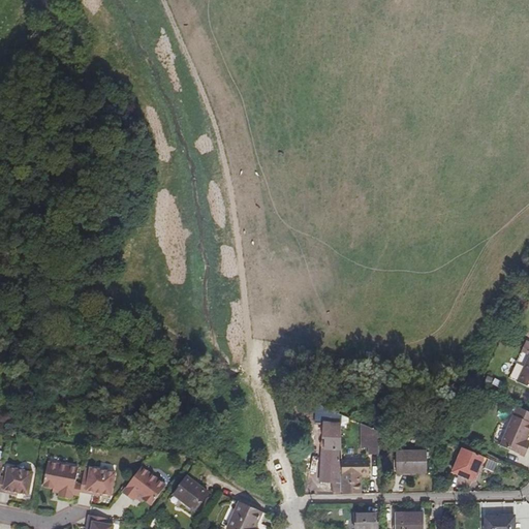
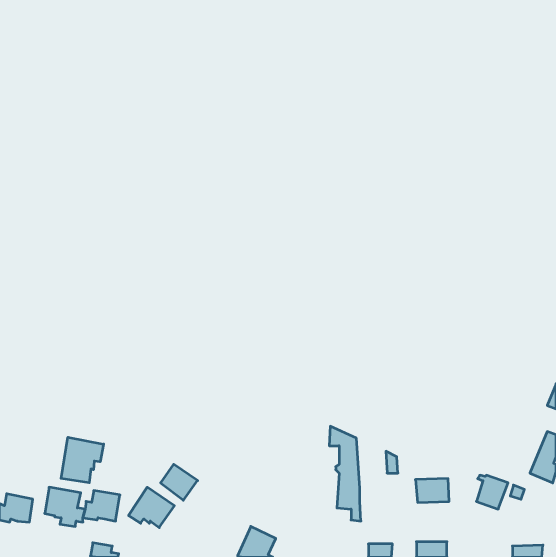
building: none -> [61,437,104,483]
building: [341,463,367,493] -> none
building: [172,475,207,509] -> [161,464,198,500]

